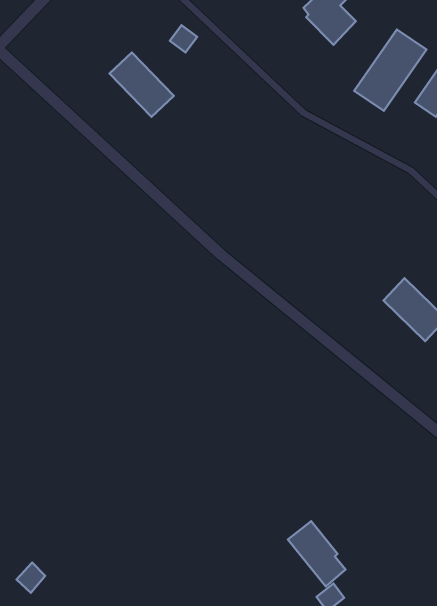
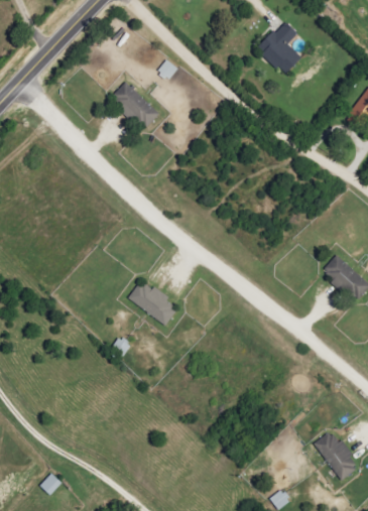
building: [354,30,427,111] -> none
building: none -> [128,279,177,325]
building: [288,521,345,587] -> [314,430,358,481]

